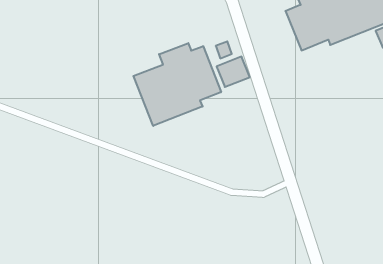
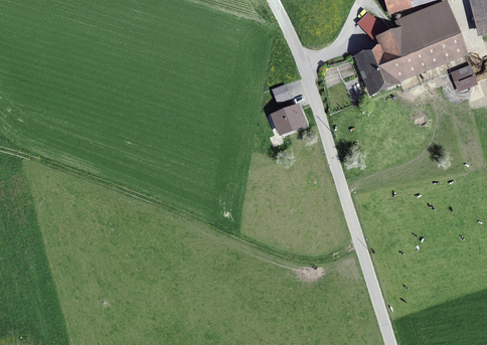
building: [133,43,221,126] -> none

